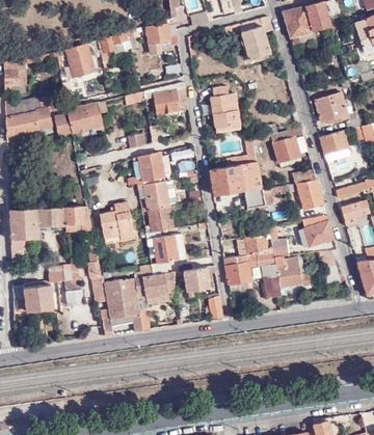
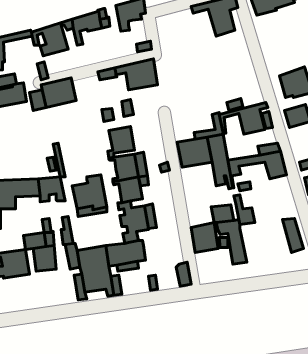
building: [211,87,241,134] -> none
building: [299,219,333,248] -> none
building: [274,256,311,286] -> none
building: [172,267,215,293] -> none

